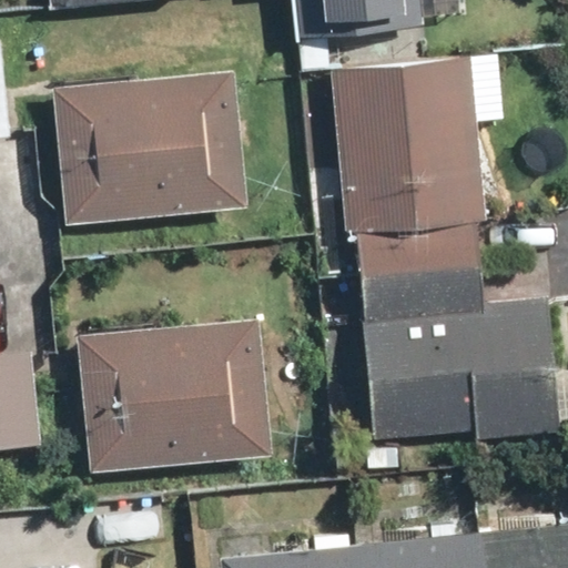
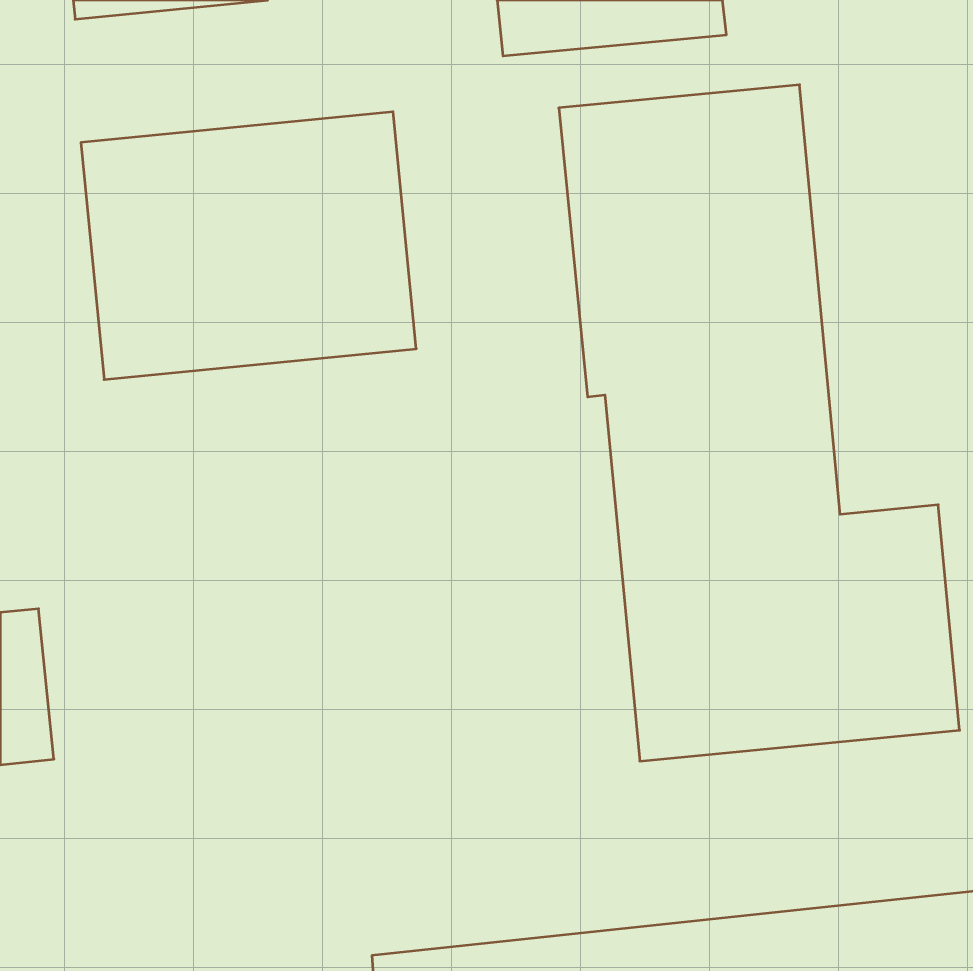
building: [78,317,274,474] -> none

